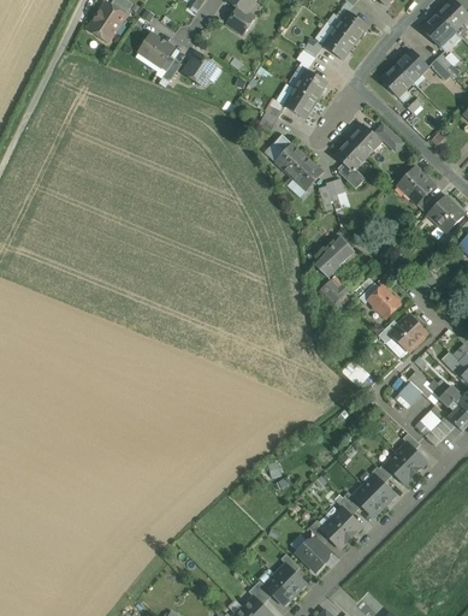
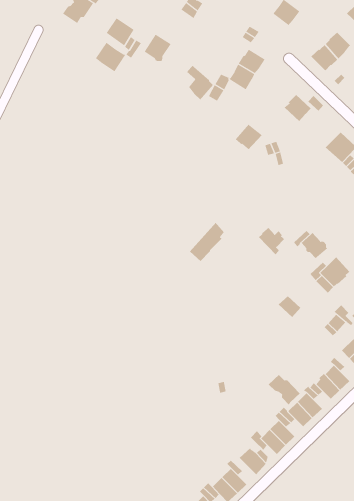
building: [322,28,355,59] -> none
building: none -> [95,42,125,72]
building: [274,134,307,176] -> [186,65,214,101]
building: [334,138,367,188] -> none
building: [315,230,357,277] -> [189,222,225,262]
building: none -> [268,374,301,406]

